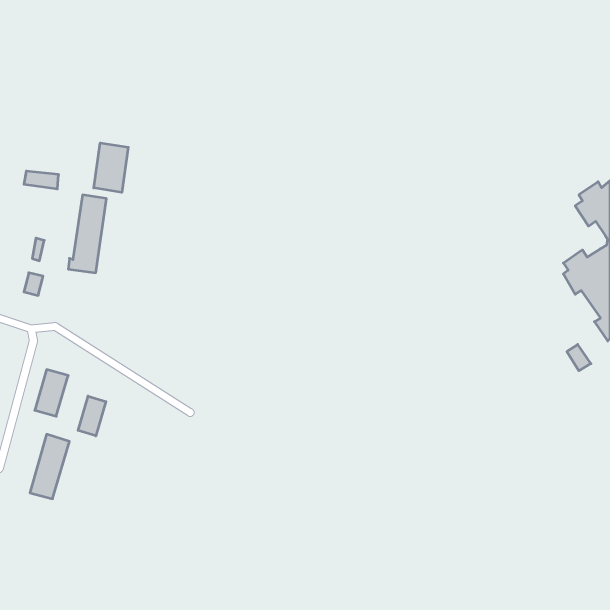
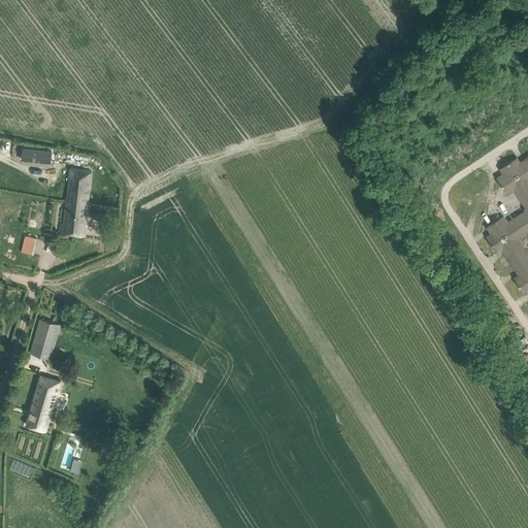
building: [94,143,128,192] -> none
building: [78,396,106,436] -> none

